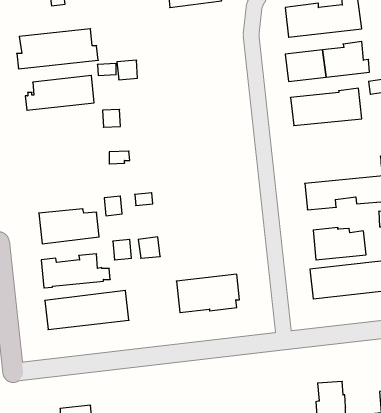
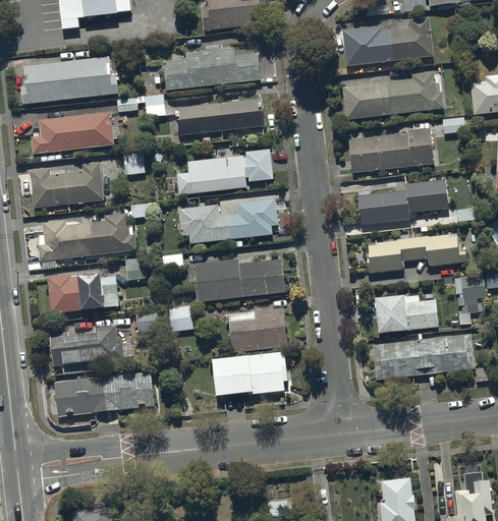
building: none -> [163,47,261,90]
building: none -> [172,98,264,134]
building: none -> [176,147,273,194]
building: none -> [30,162,104,208]
building: none -> [358,179,448,224]
building: none -> [179,198,278,242]
building: none -> [39,213,135,267]
building: none -> [195,258,285,301]
building: none -> [227,307,287,352]

